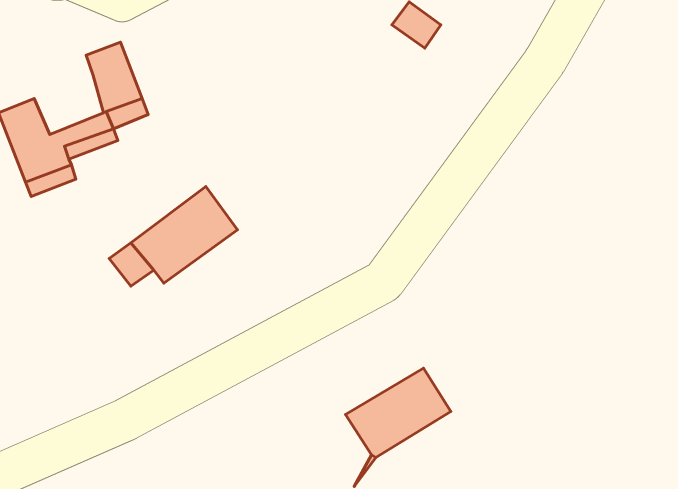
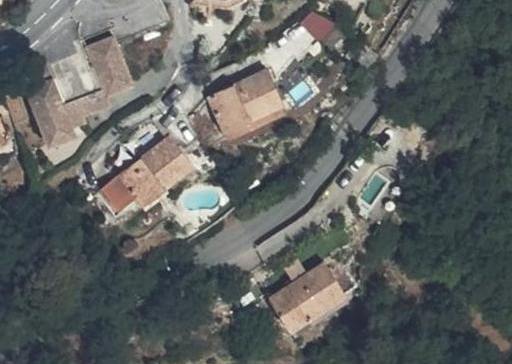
building: none -> [212,72,286,133]

